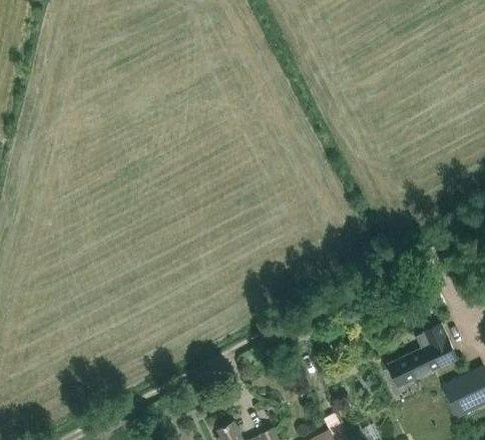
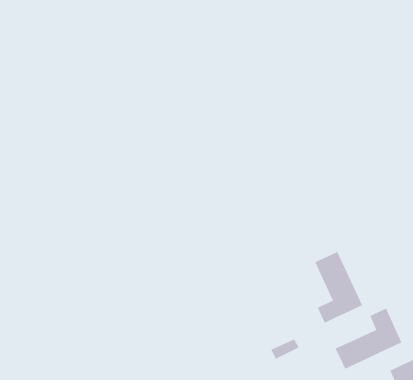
building: none -> [314,251,363,323]

